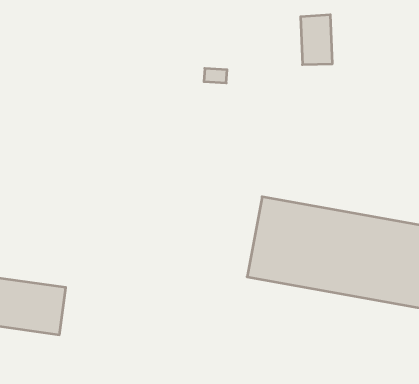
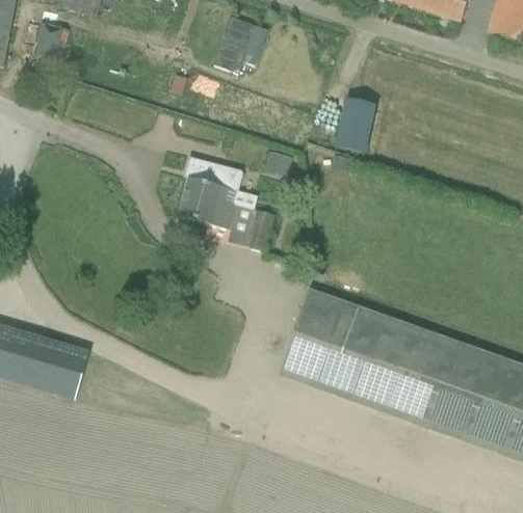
building: [301,15,332,65] -> [329,97,366,151]
building: none -> [179,154,276,249]

